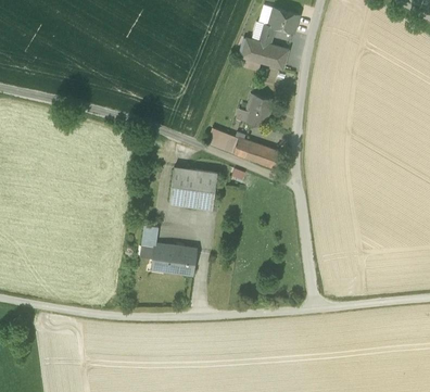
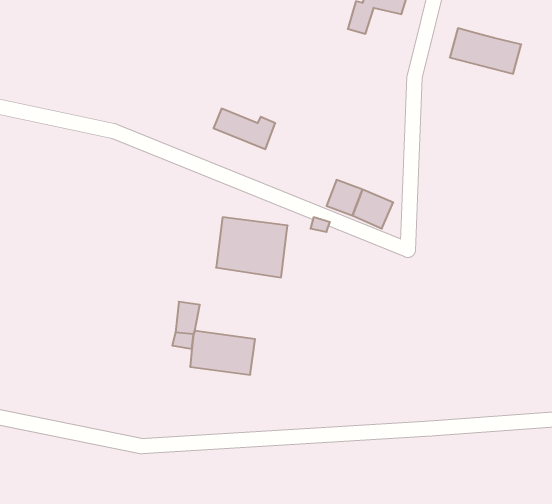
building: [240,38,288,68] -> [450,28,521,74]
building: [241,93,270,129] -> none
building: [208,132,250,160] -> [213,109,275,149]

